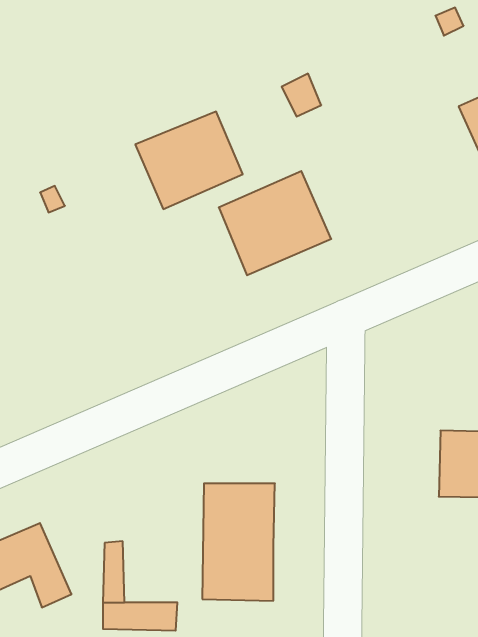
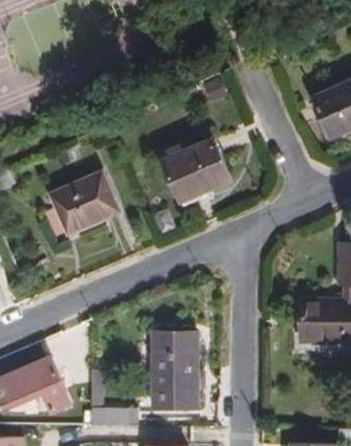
building: [135,112,243,209] -> [50,174,117,235]

